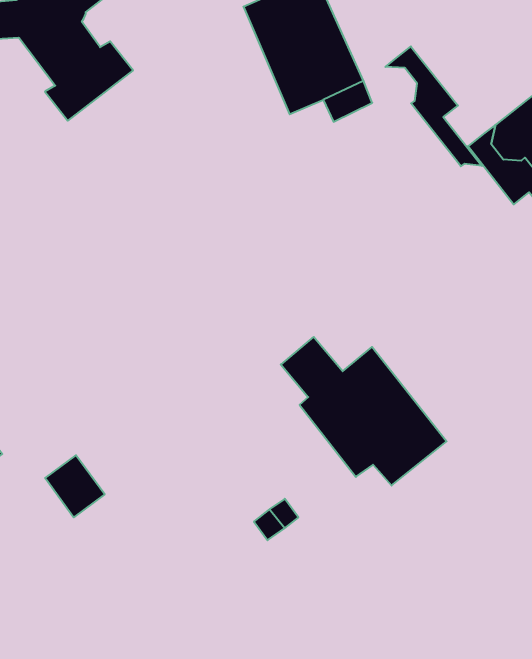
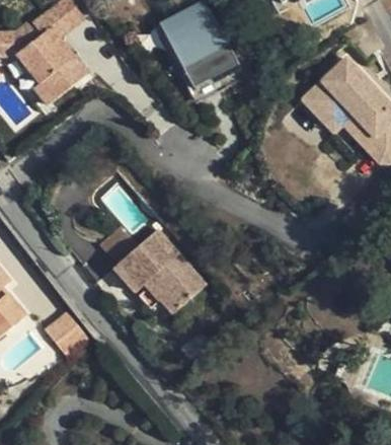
building: [385,46,482,166] -> none
building: [281,337,447,486] -> [99,221,205,310]

